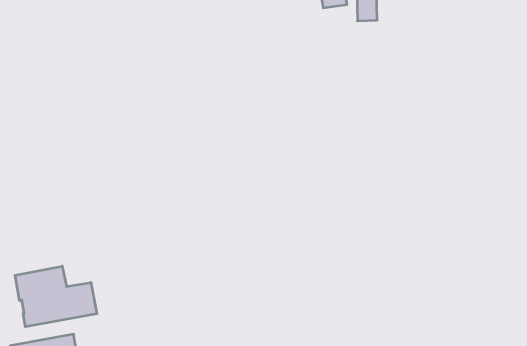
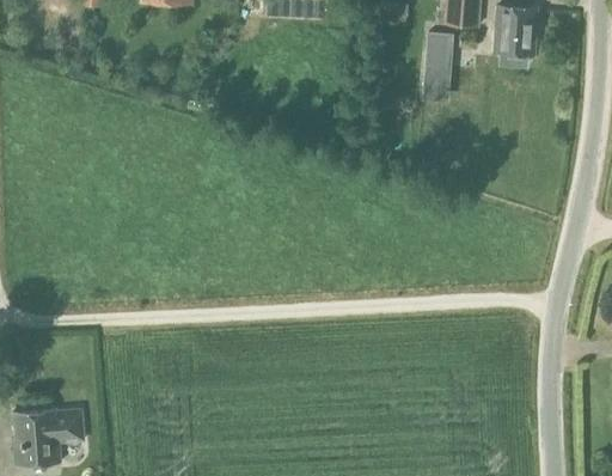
building: [15,266,97,327] -> none

